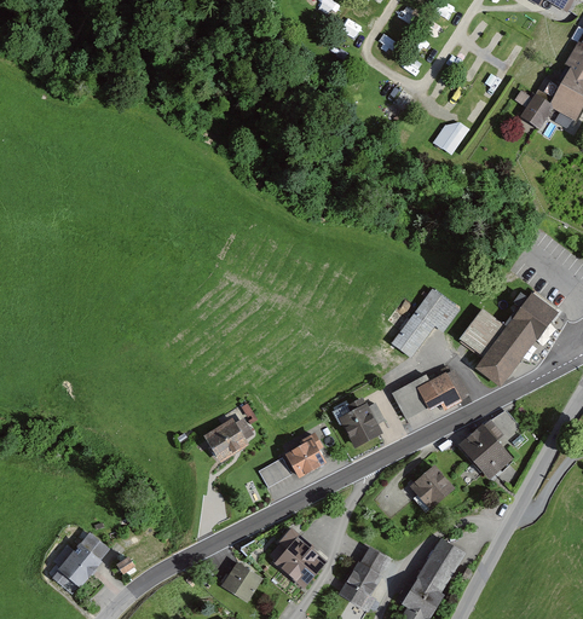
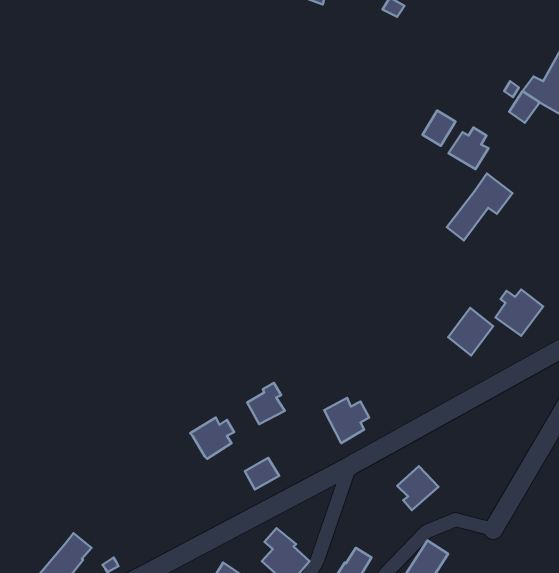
building: none -> [449,128,488,169]
building: [391,290,456,357] -> [447,174,513,241]
building: [475,320,533,382] -> none
building: [393,375,466,418] -> none
building: [460,413,523,476] -> none
building: [285,435,323,476] -> [247,383,285,424]

